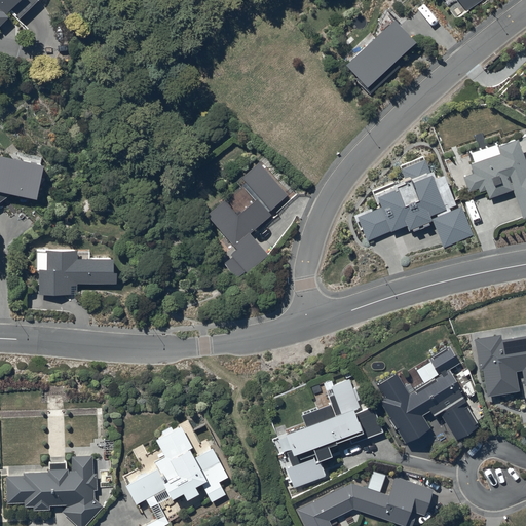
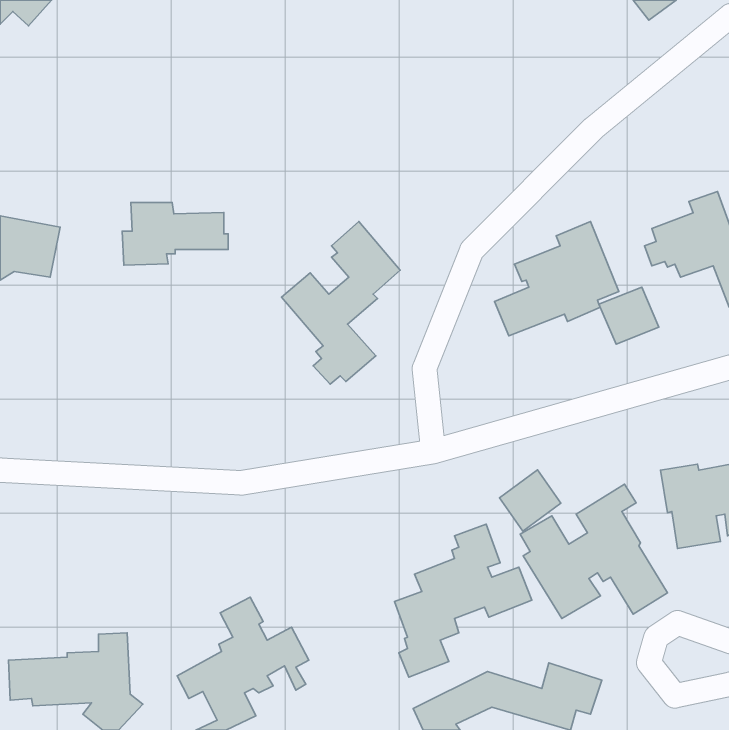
building: [342,17,416,95] -> none
building: [40,250,116,295] -> [122,202,228,265]
building: none -> [499,470,561,531]

